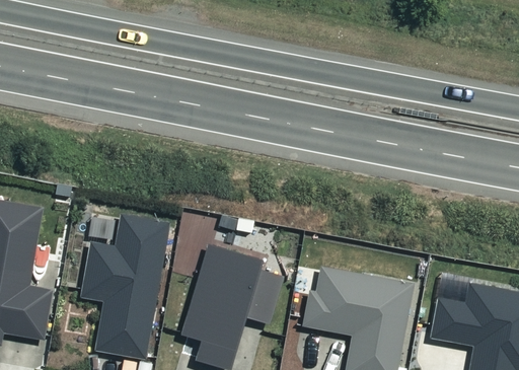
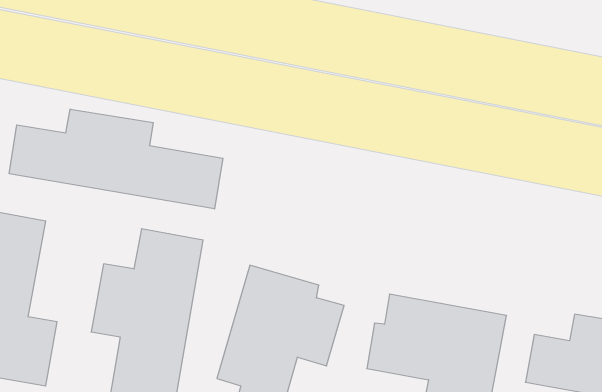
building: none -> [9,109,223,209]

